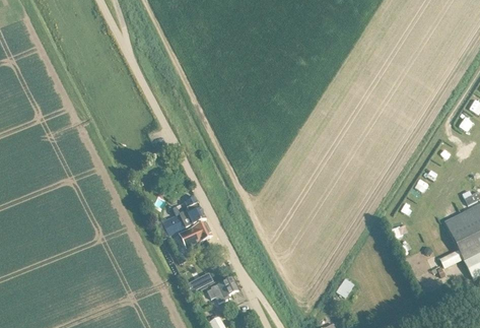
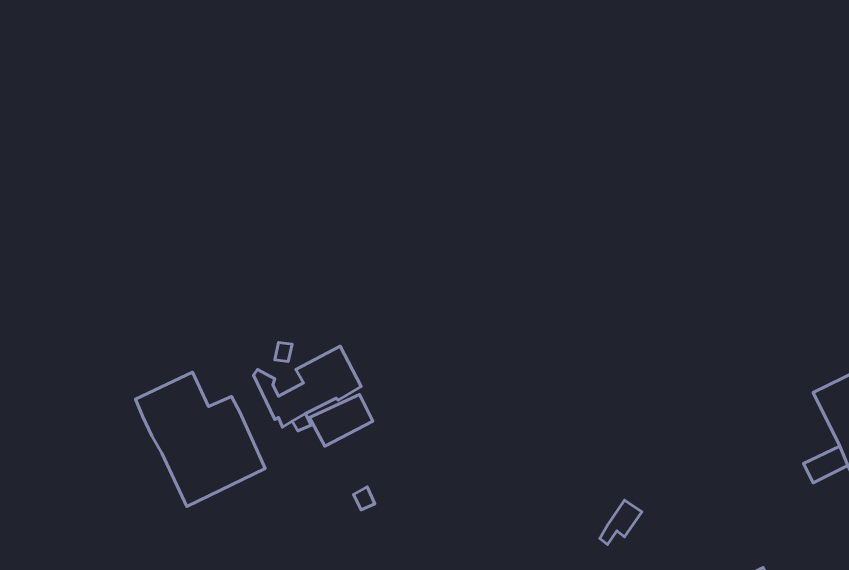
building: none -> [136,372,265,506]
building: [206,276,237,302] -> none

